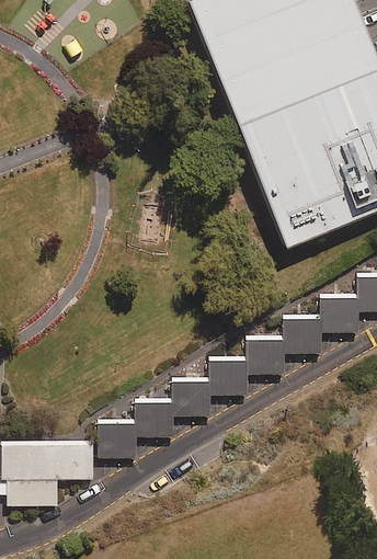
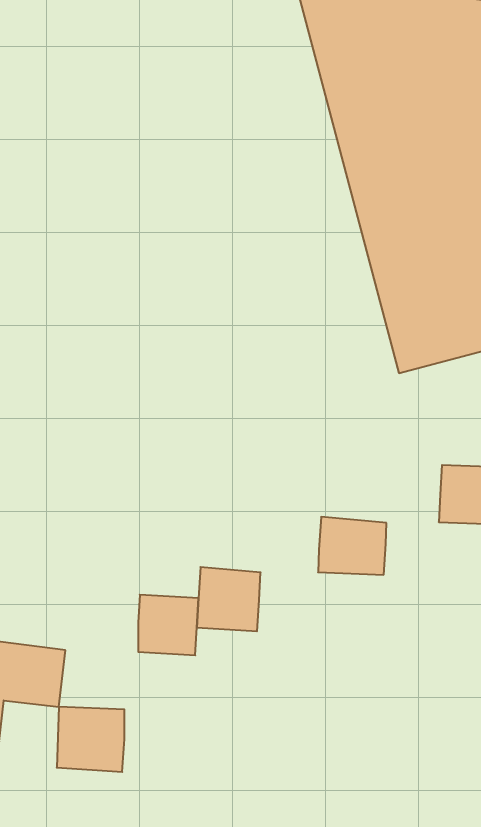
building: [285,316,320,351] -> none
building: [209,360,248,396] -> none
building: [95,419,140,460] -> [57,707,124,772]

